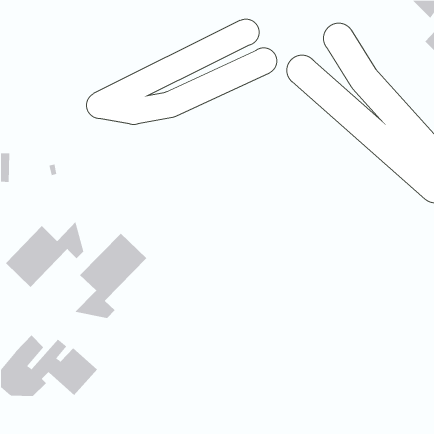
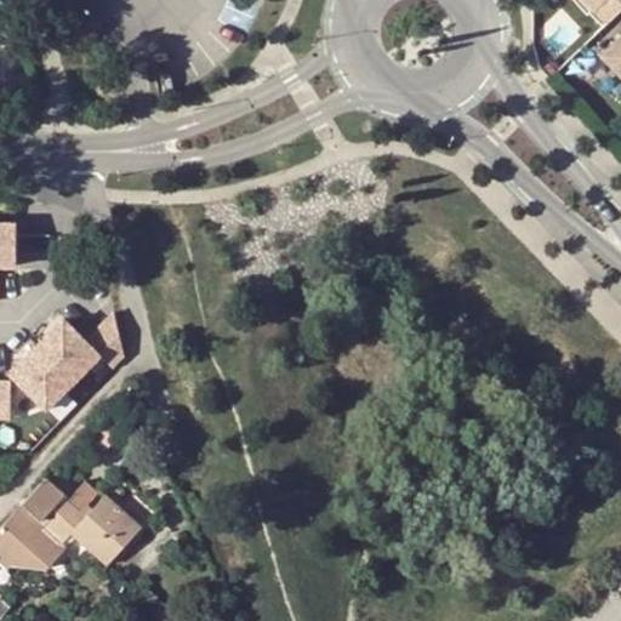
building: [74,233,147,319] -> none

